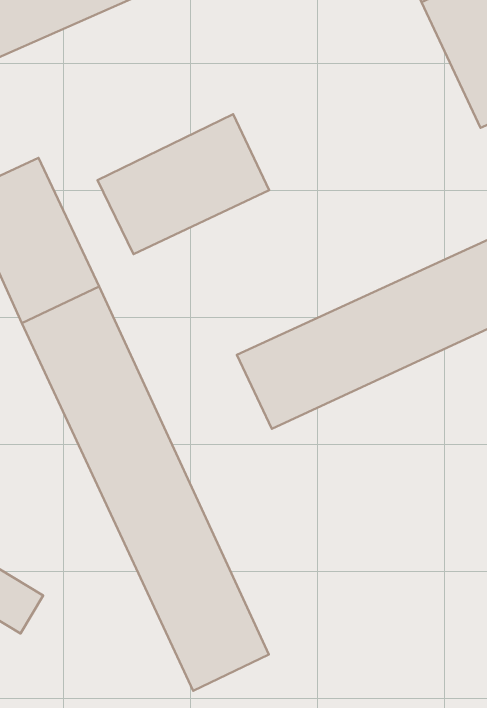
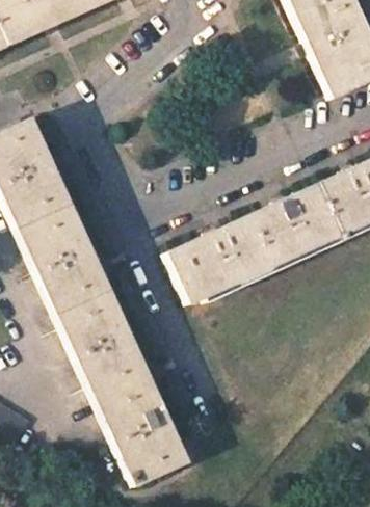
building: [98,114,269,254] -> none

